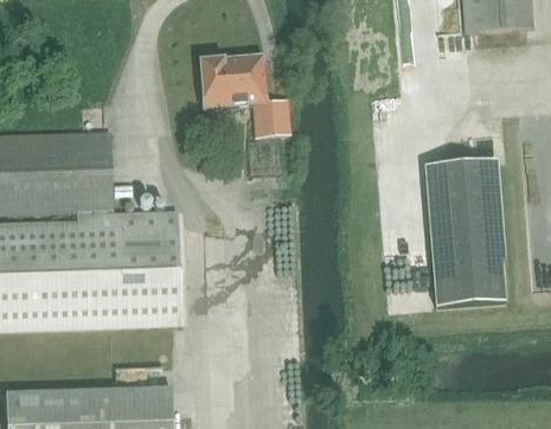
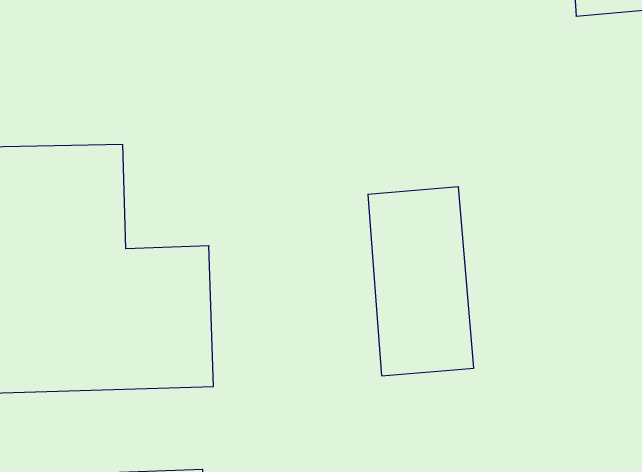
building: [199,55,290,136] -> none
building: [424,159,507,307] -> [368,187,474,376]

